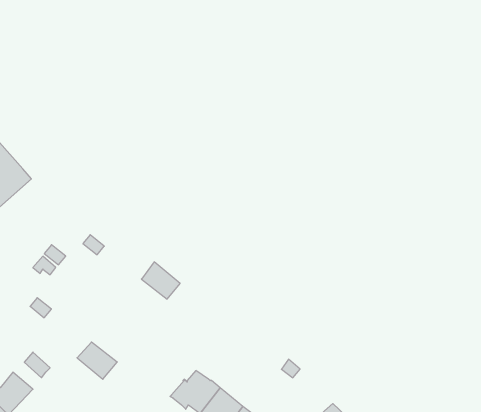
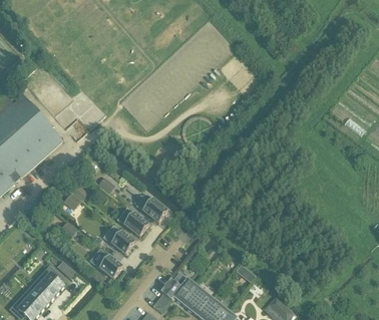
building: none -> [120,211,148,237]
building: none -> [106,228,133,255]

